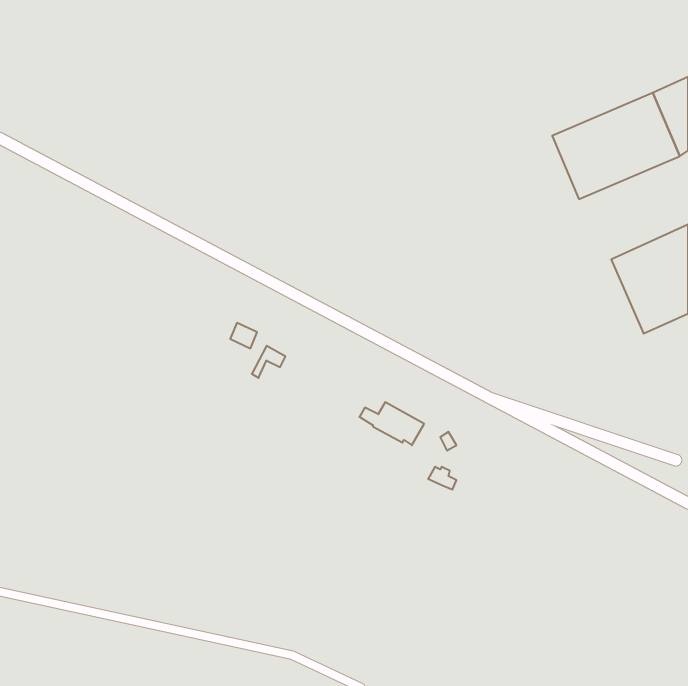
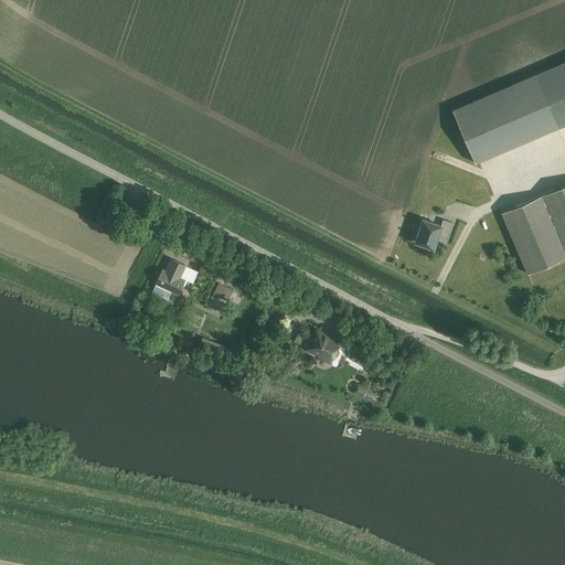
building: none -> [415,221,452,249]
building: none -> [151,259,184,297]

